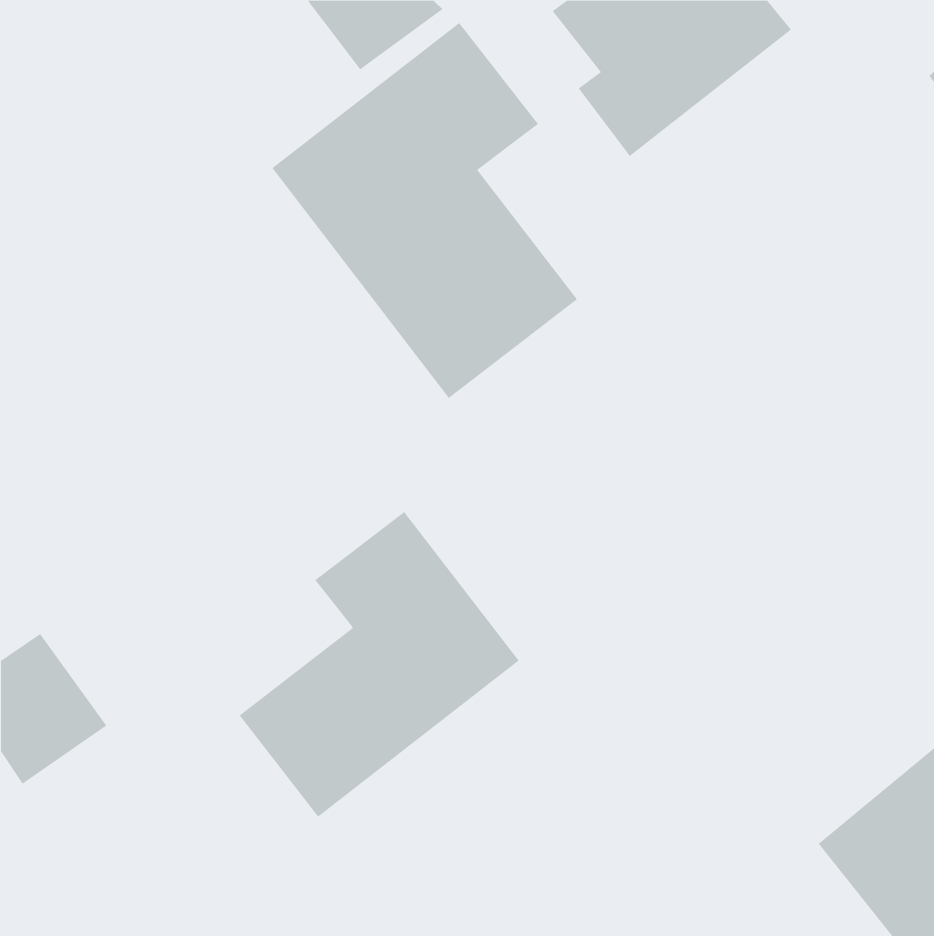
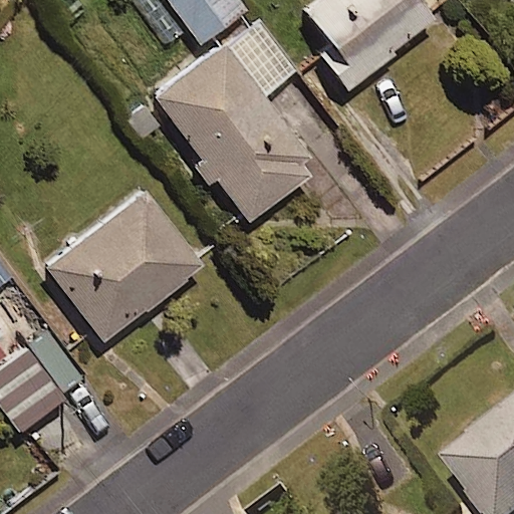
building: none -> [43,190,203,343]
building: [239,511,520,817] -> none

